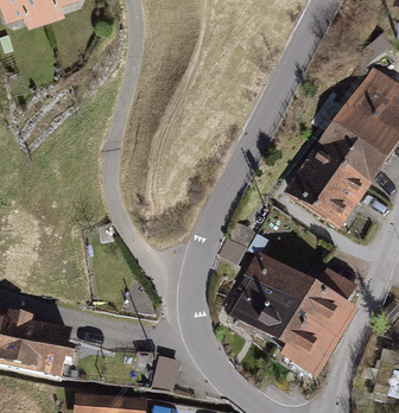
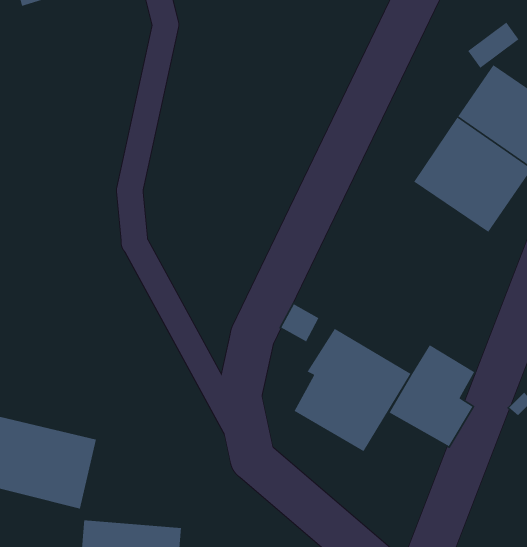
building: [281,146,368,228] -> none
building: [278,313,340,379] -> none

